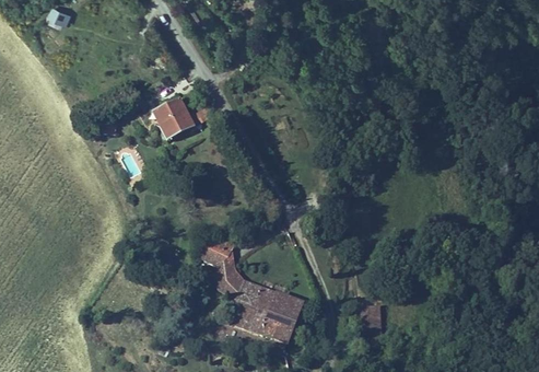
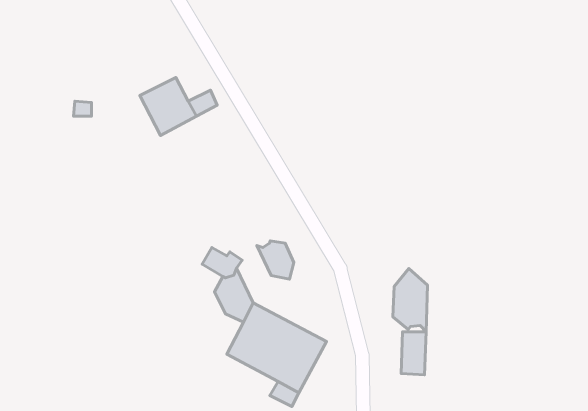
building: none -> [257,241,294,279]
building: none -> [393,269,428,332]

